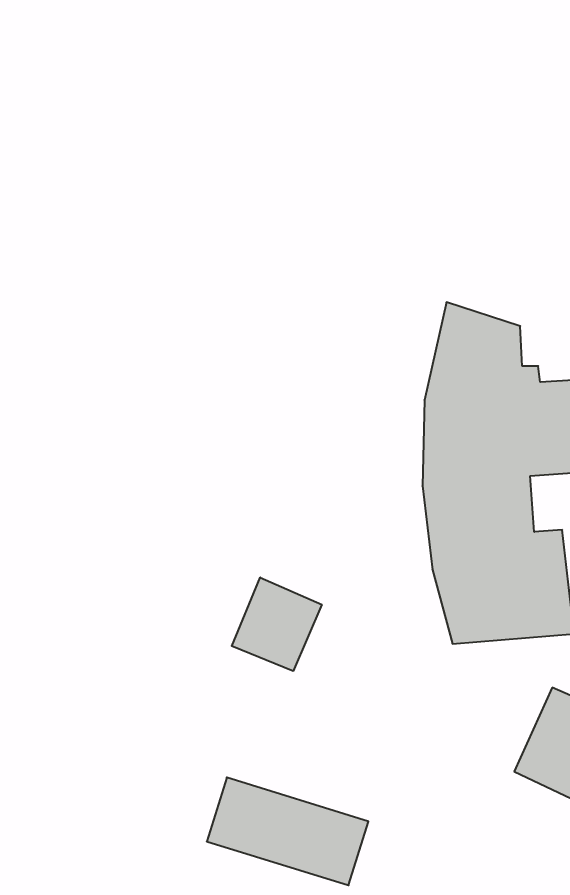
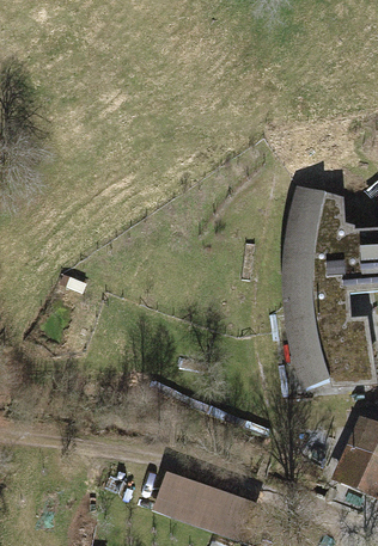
building: [232,577,322,671] -> none

